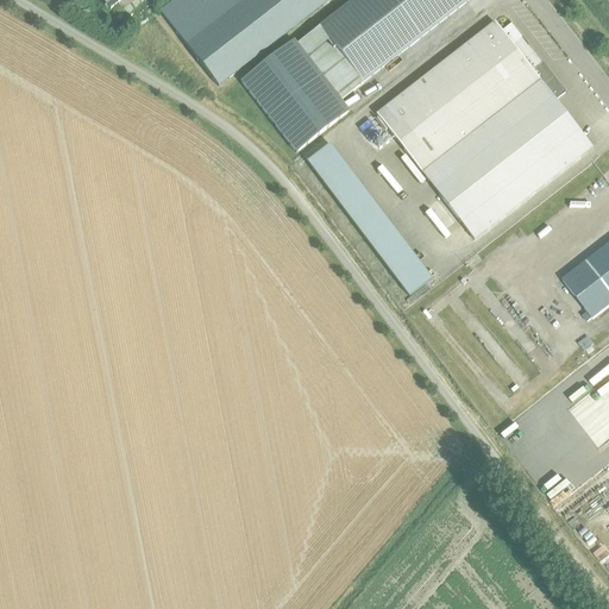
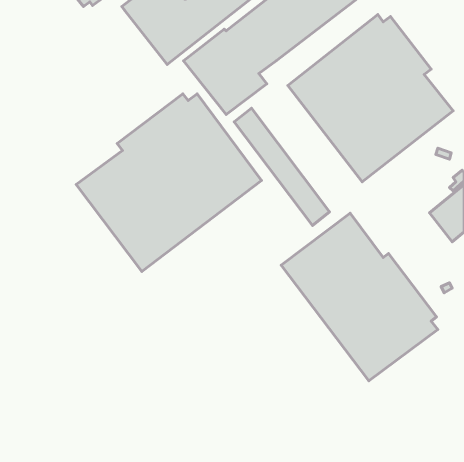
building: none -> [76,94,262,272]
building: none -> [281,213,438,381]

